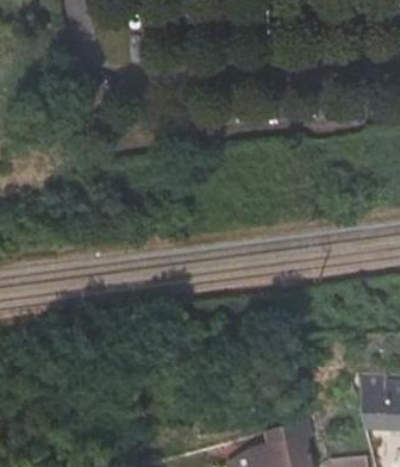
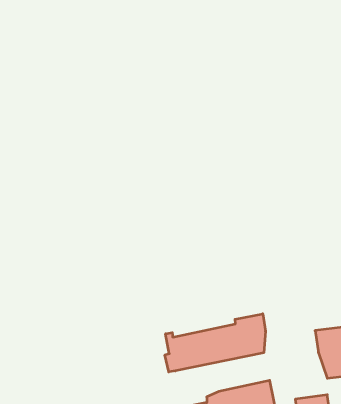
building: none -> [165,314,265,372]

